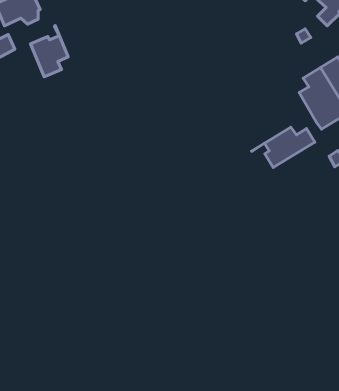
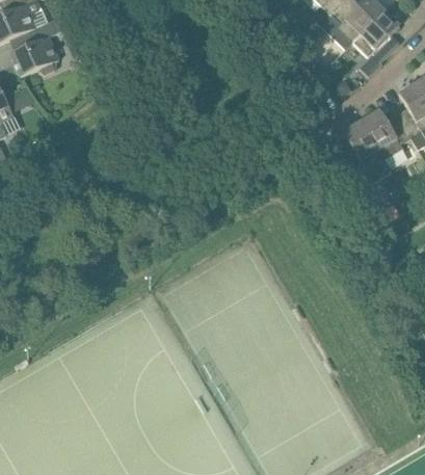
building: [30,26,68,77] -> none
building: [251,127,315,167] -> none

